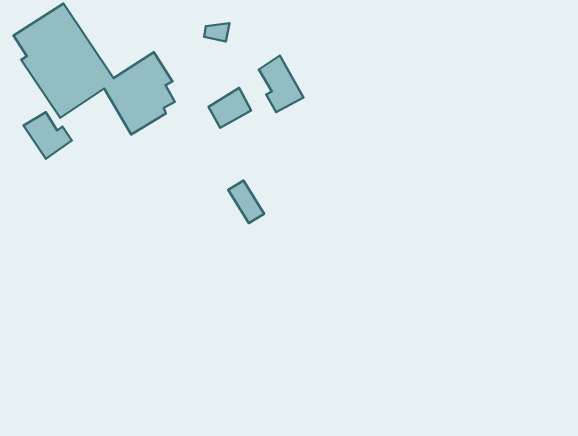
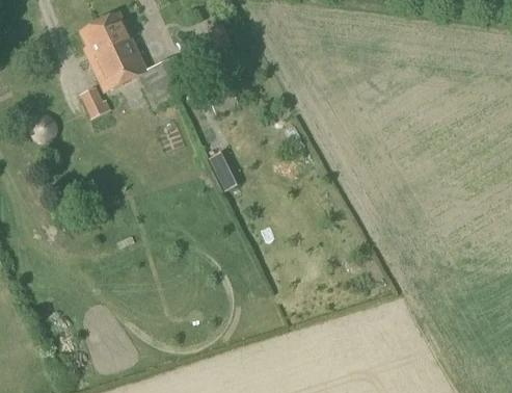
building: [259,56,303,112] -> none

